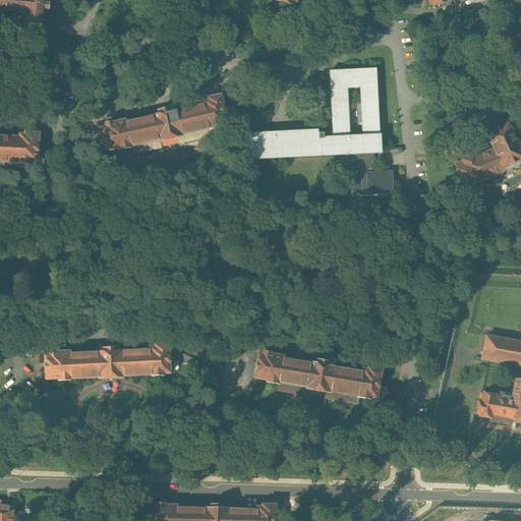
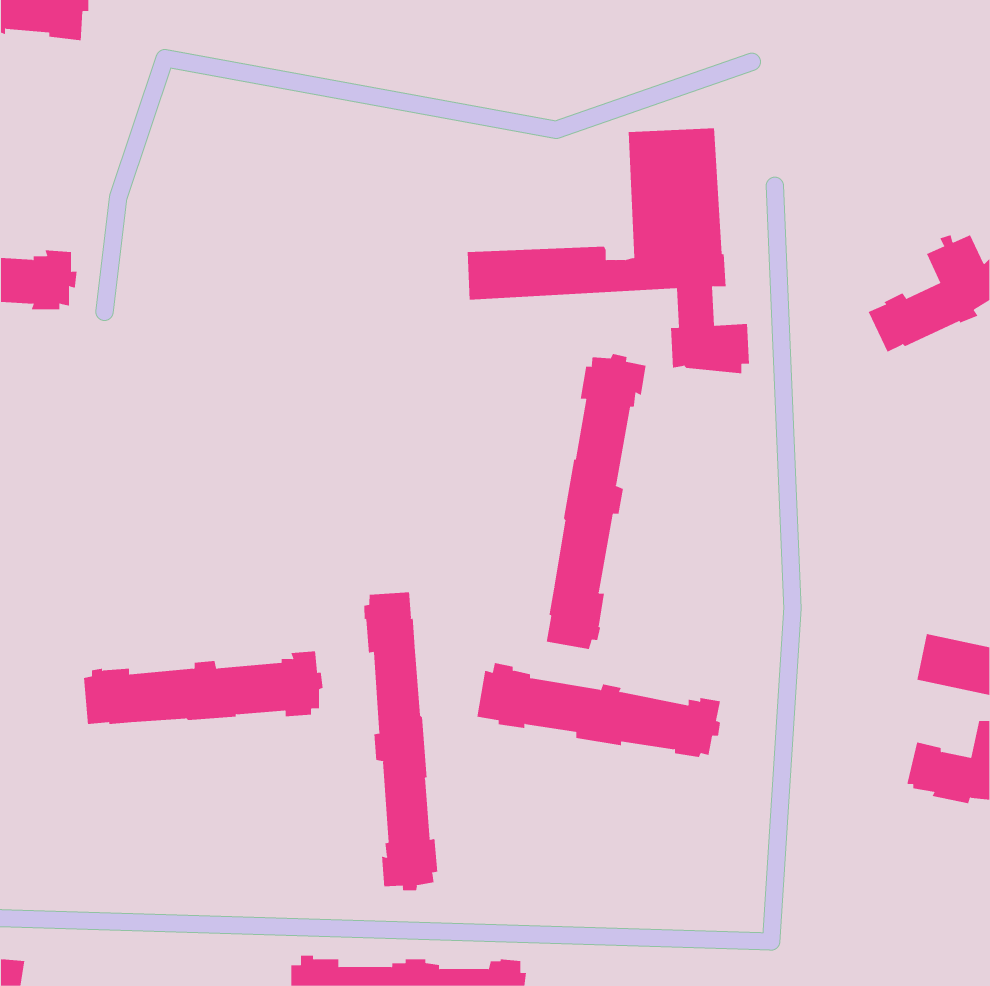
building: [100,96,227,153] -> none
building: none -> [546,353,646,650]
building: none -> [364,592,438,891]

